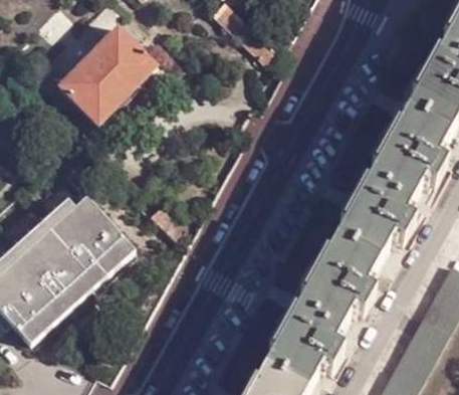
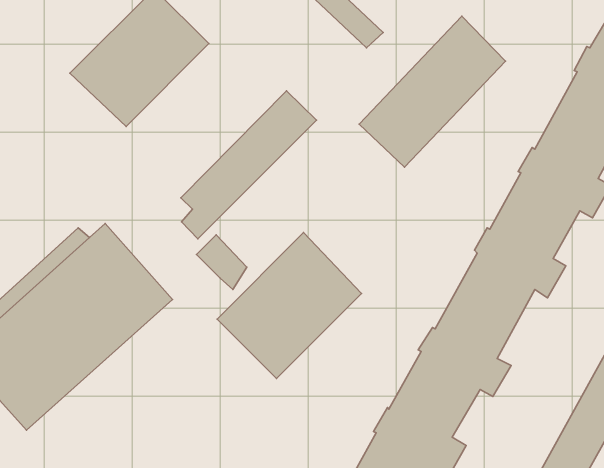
building: none -> [359,16,505,167]
building: none -> [181,91,316,239]
building: none -> [217,233,362,379]

